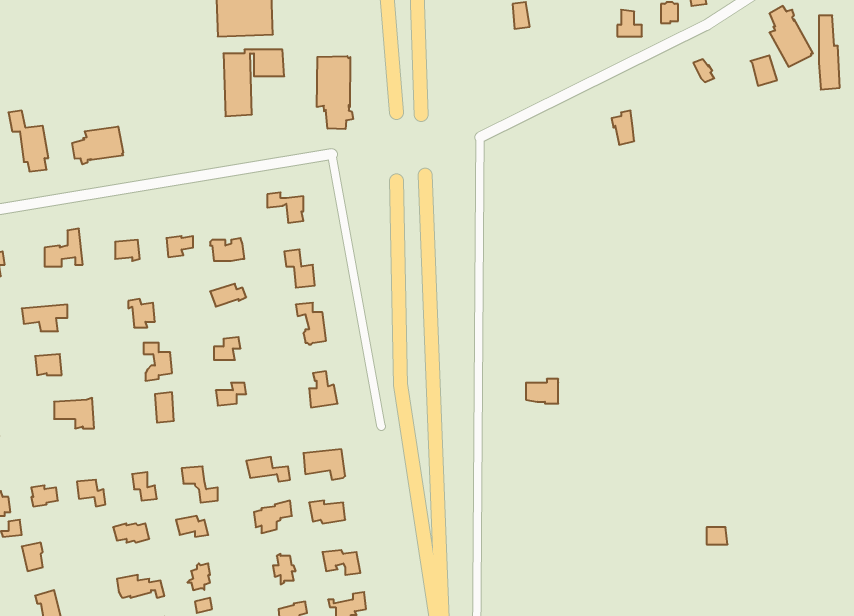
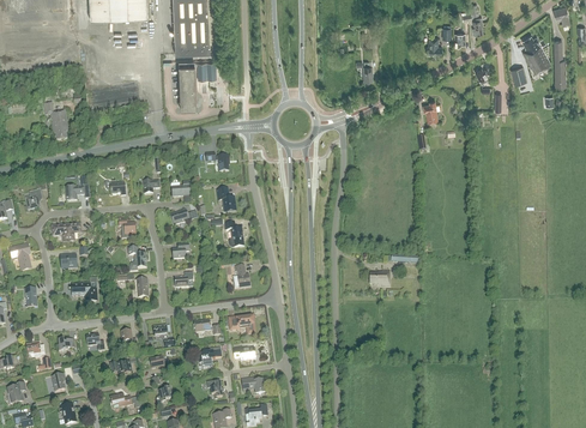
building: [317,56,353,129] -> none
building: [72,126,123,164] -> none

